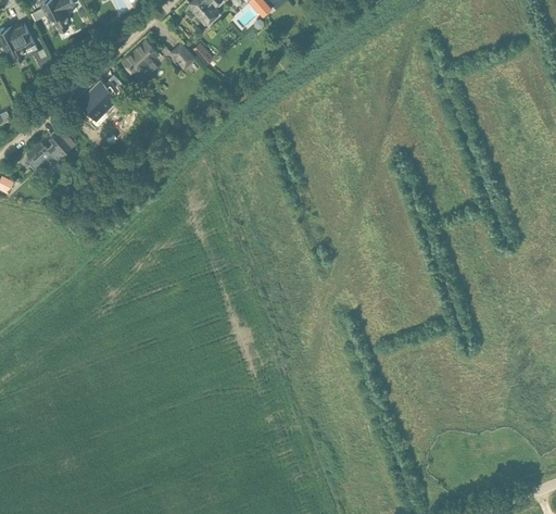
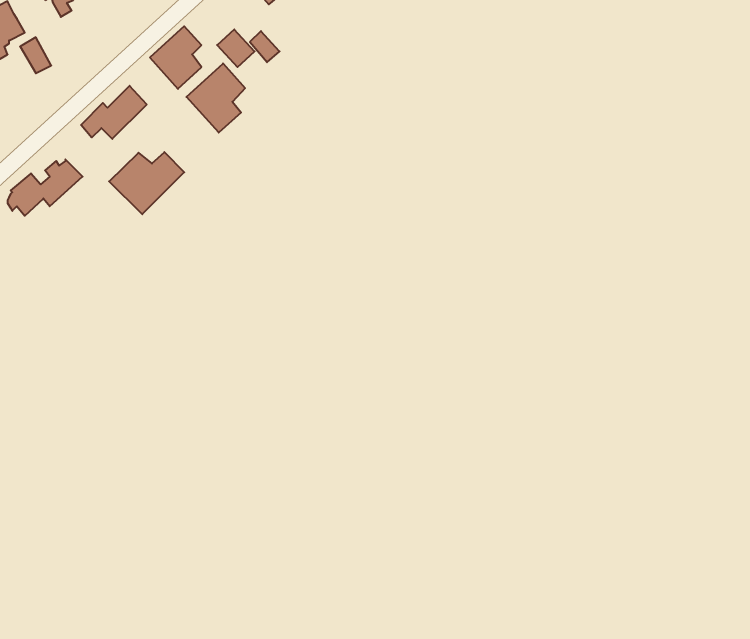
building: none -> [186,63,245,133]
building: none -> [109,152,184,214]

